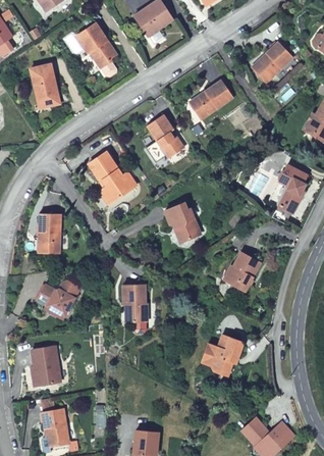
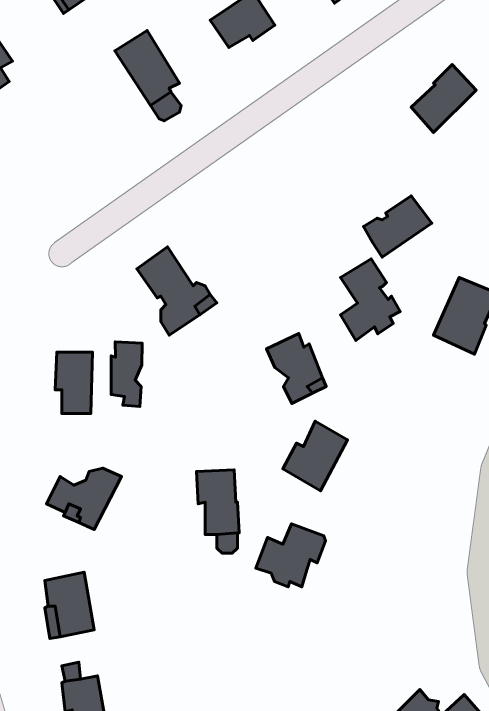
building: [31,61,61,105] -> none
building: [191,80,231,116] -> [364,196,432,257]
building: [146,114,181,163] -> [340,259,400,341]
building: none -> [111,342,142,406]
building: [224,251,263,293] -> [283,421,348,491]
building: [203,337,245,374] -> [256,524,326,587]

